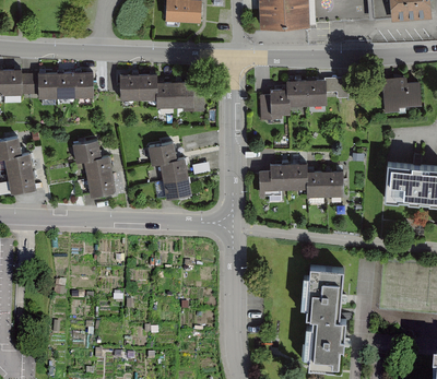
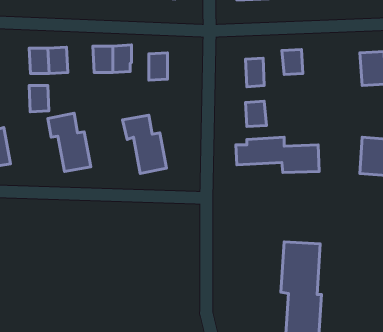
building: [36,75,56,102] -> [29,86,49,112]
building: [287,78,308,103] -> [246,101,266,127]
building: [155,81,174,107] -> none

